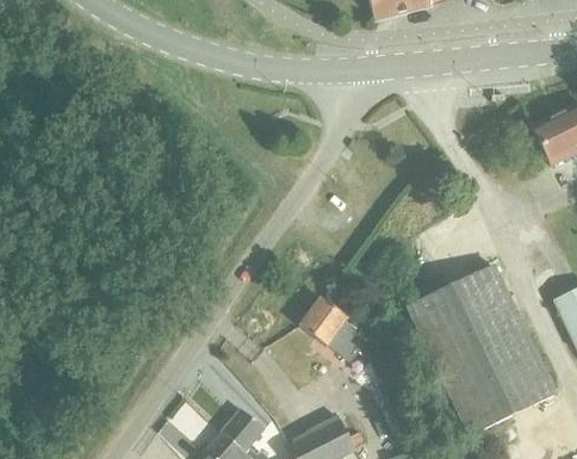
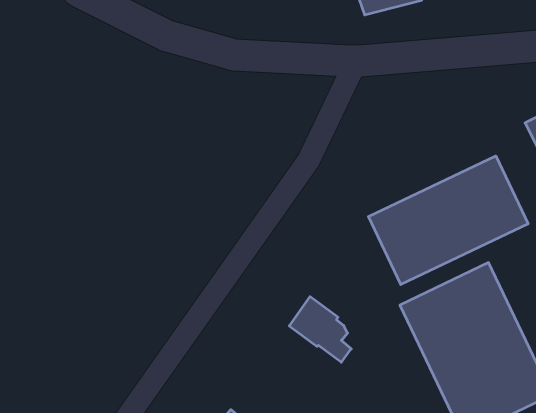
building: none -> [368,156,528,285]

